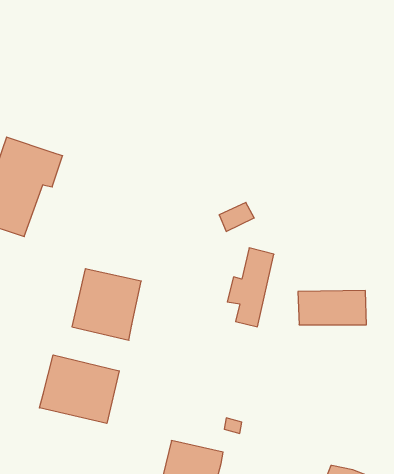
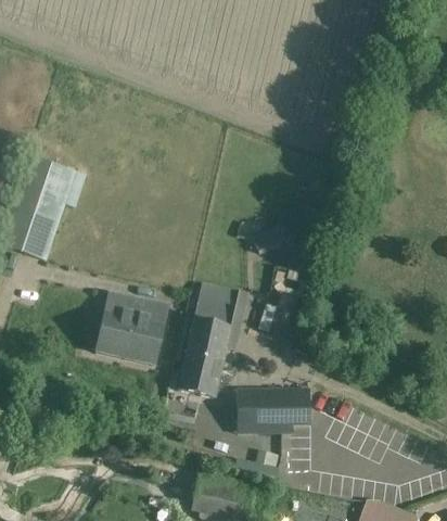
building: none -> [179,284,238,399]
building: [298,291,366,325] -> [237,390,308,425]
building: [39,355,119,423] -> none

